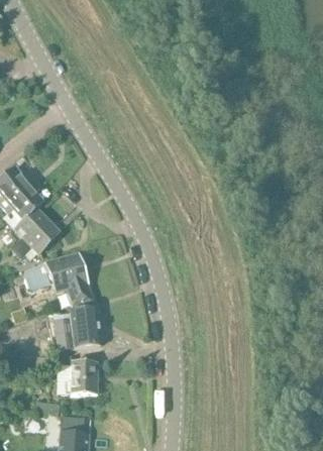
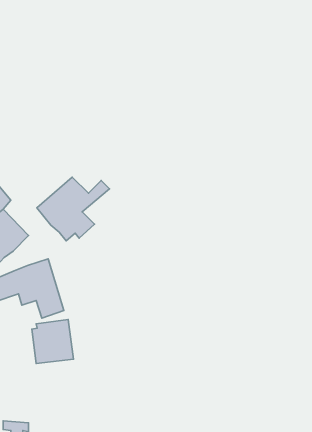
building: none -> [37,177,109,241]
building: [58,363,97,393] -> none

